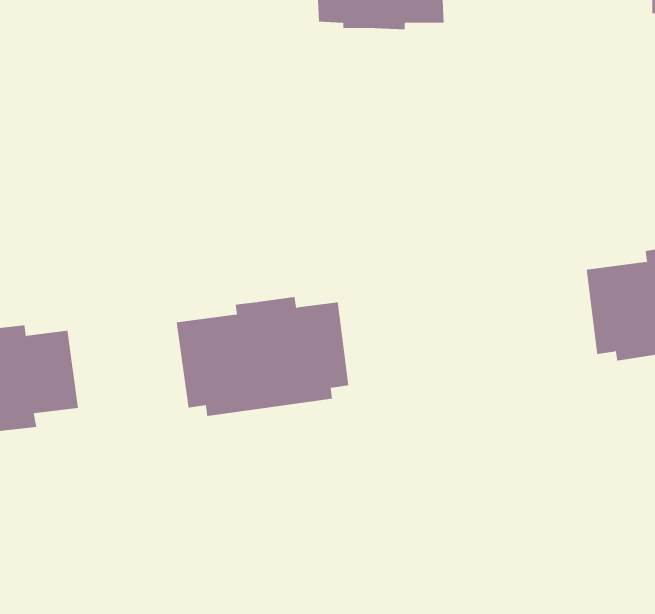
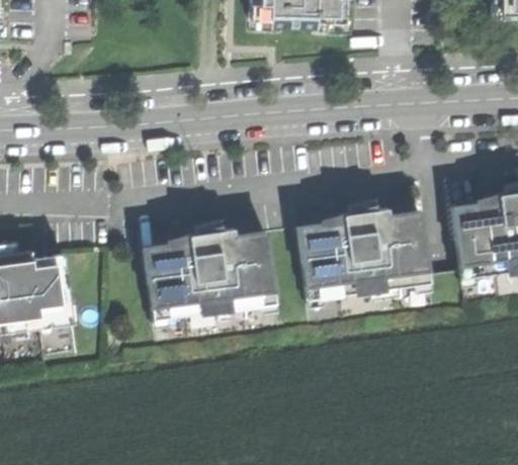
building: none -> [296,204,427,295]

